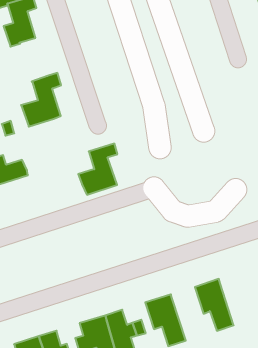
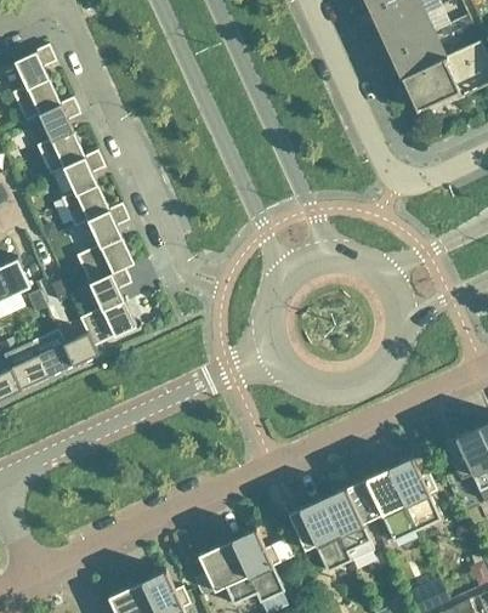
building: none -> [61,152,108,228]
building: [78,144,117,195] -> [79,269,136,347]
building: none -> [387,458,441,532]
building: none -> [322,484,374,562]

